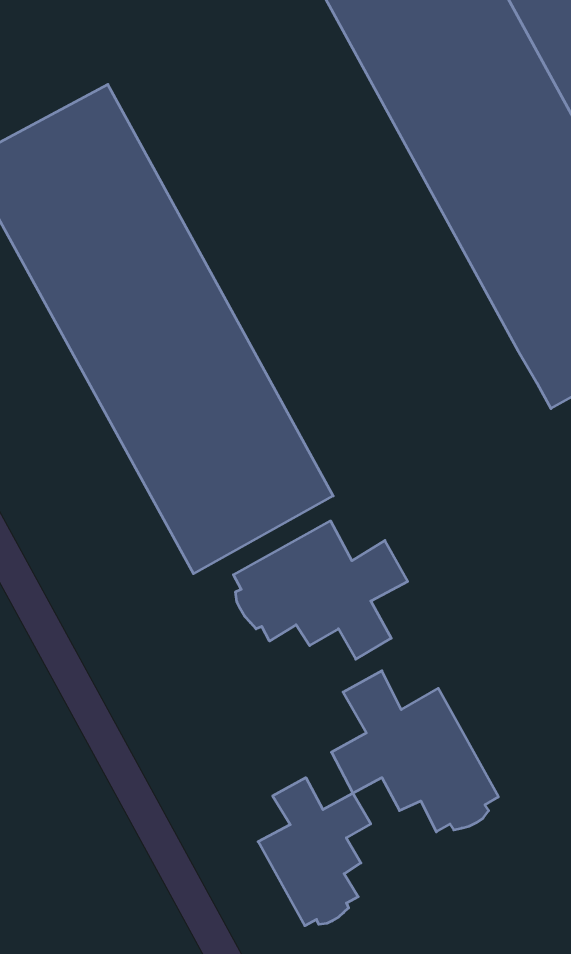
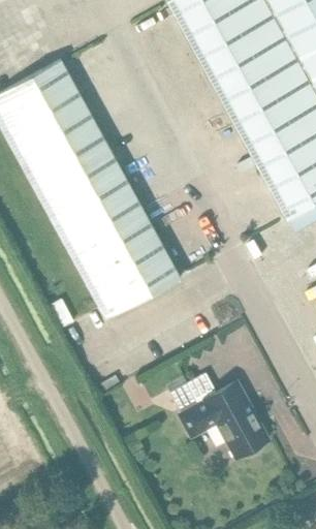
building: [233,521,408,659] -> none
building: [258,778,371,926] -> none

